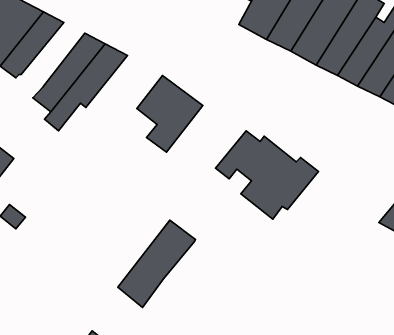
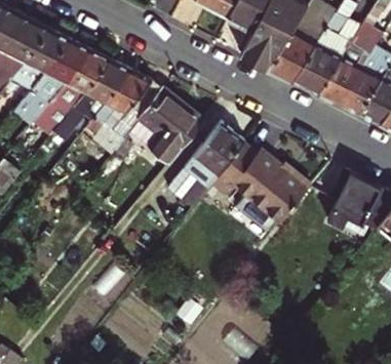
building: none -> [24,44,90,111]
building: none -> [83,76,165,151]
building: none -> [327,179,384,233]
building: [118,220,195,307] -> [172,128,247,212]

